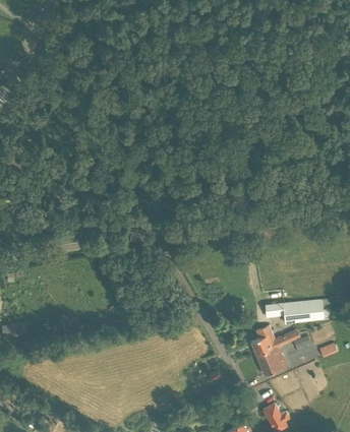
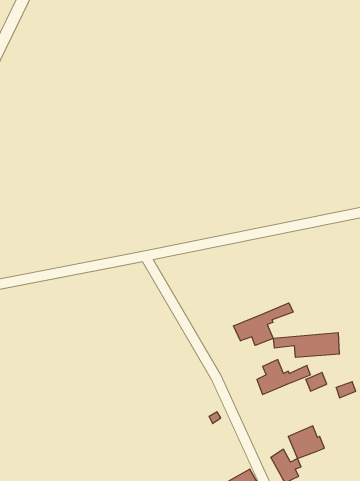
building: none -> [234,303,293,345]
building: [256,347,288,375] -> [288,426,324,459]

